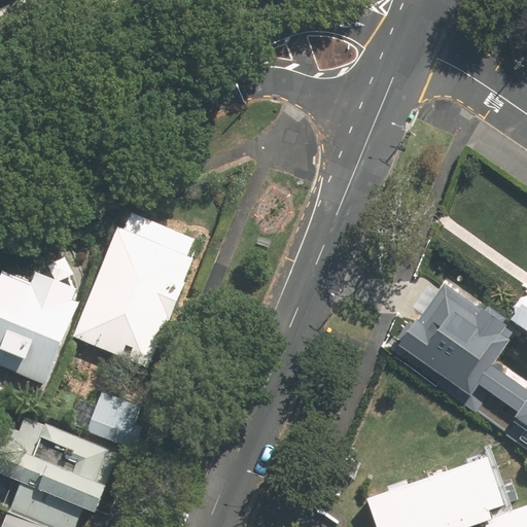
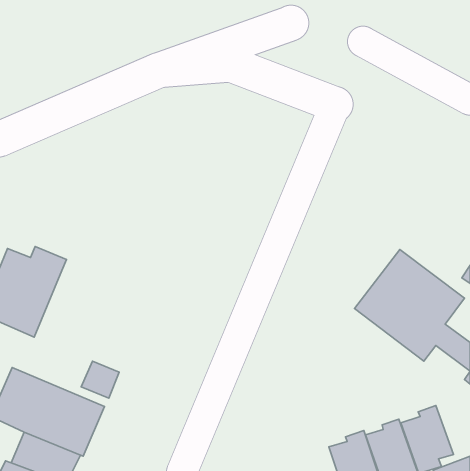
building: [75,224,191,367] -> none

